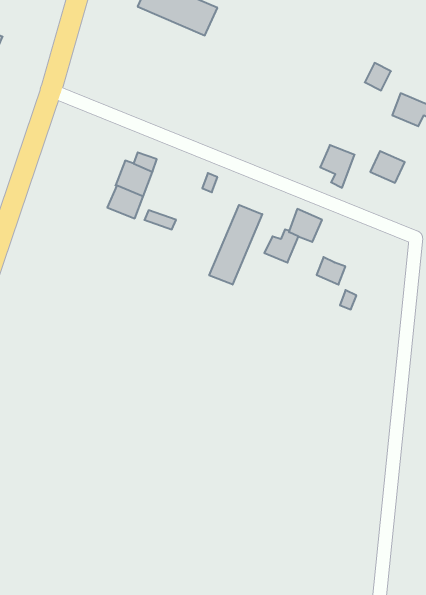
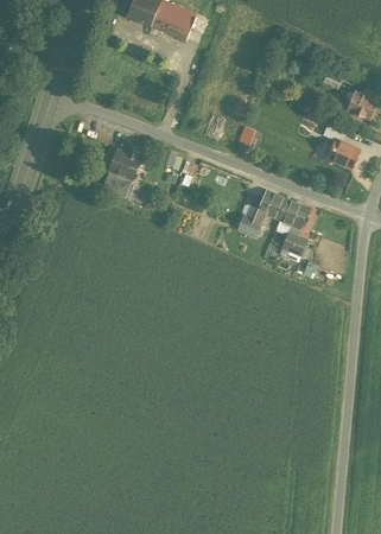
building: [320,145,355,188] -> [278,198,307,235]
building: [209,205,262,285] -> none

